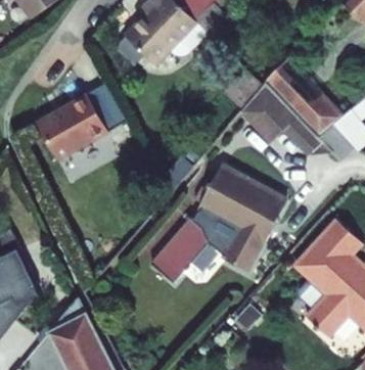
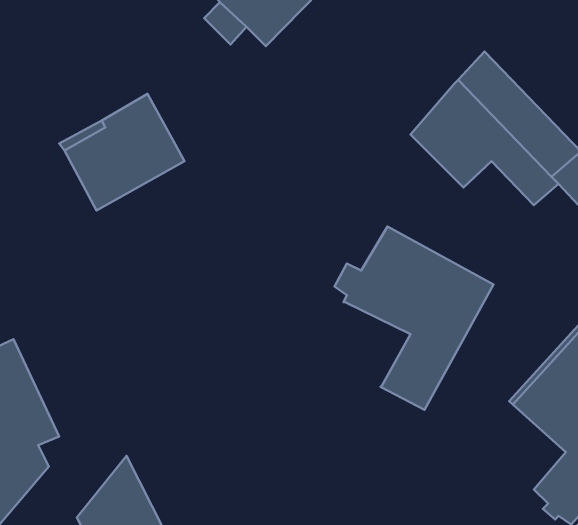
building: [150,207,239,282] -> none

